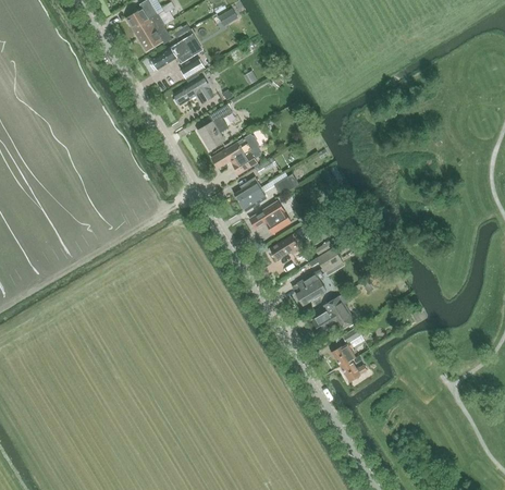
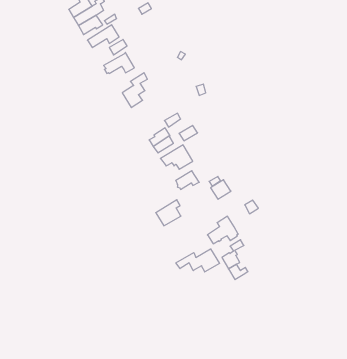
building: [211,134,262,174] -> none
building: [293,270,327,305] -> [156,200,181,226]
building: none -> [176,249,220,272]

